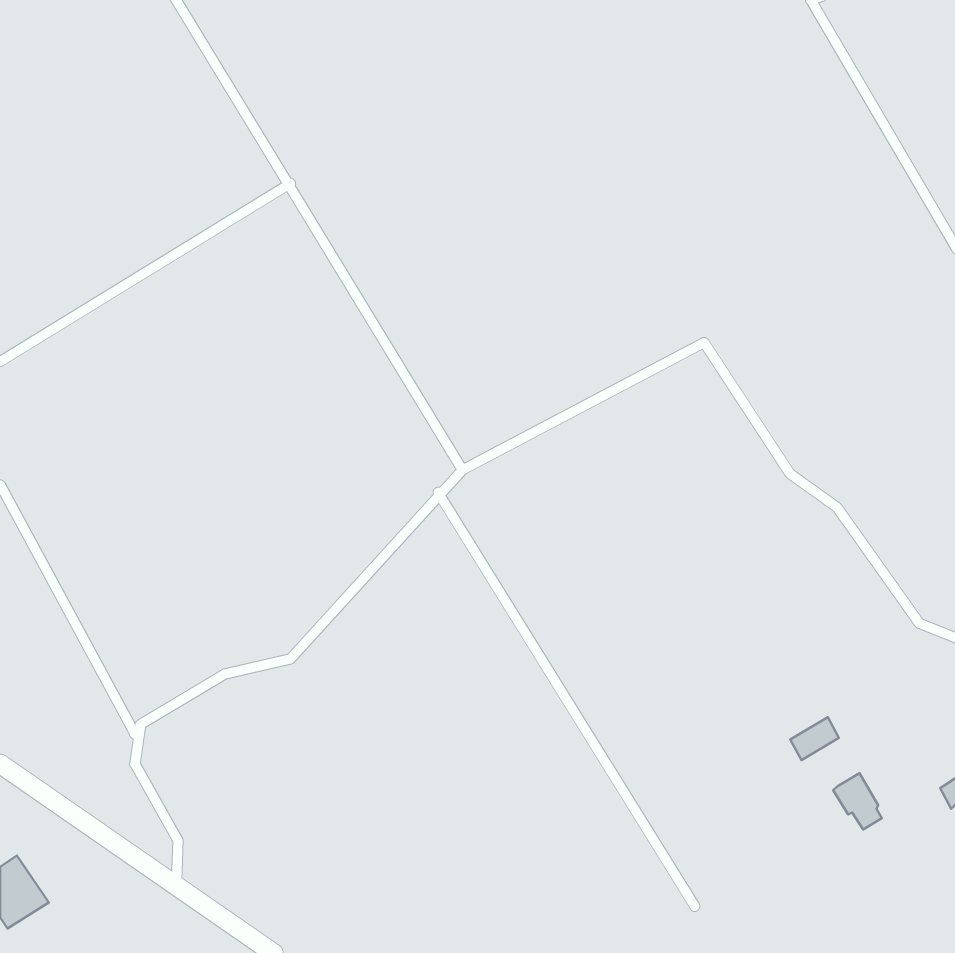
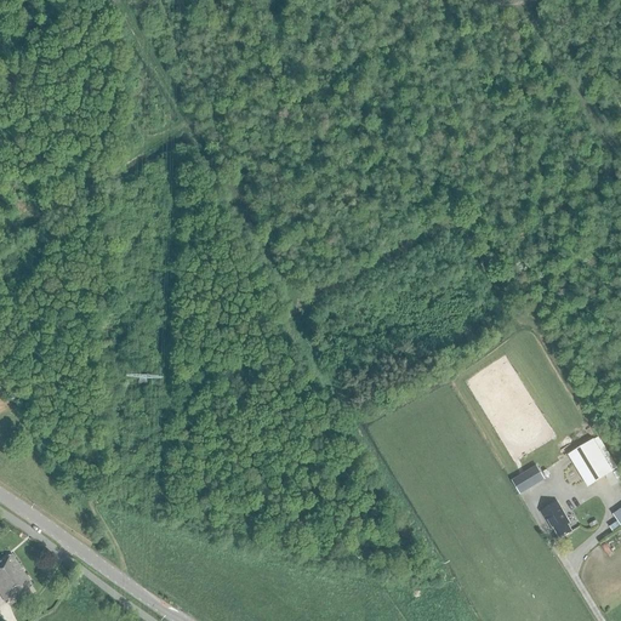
building: none -> [569,437,615,485]

